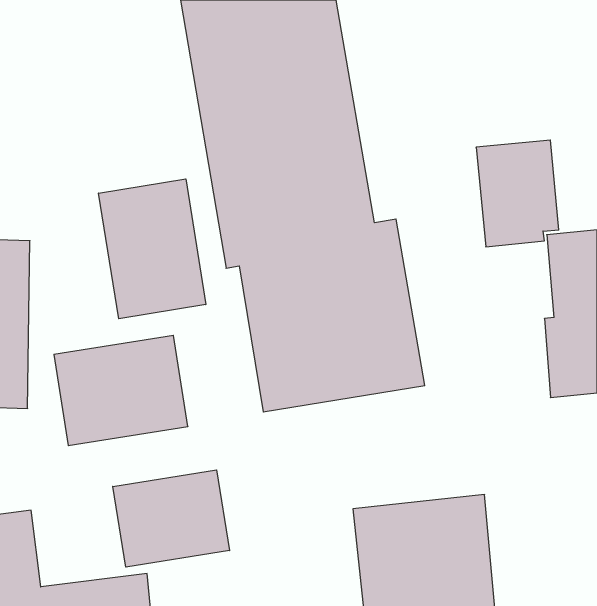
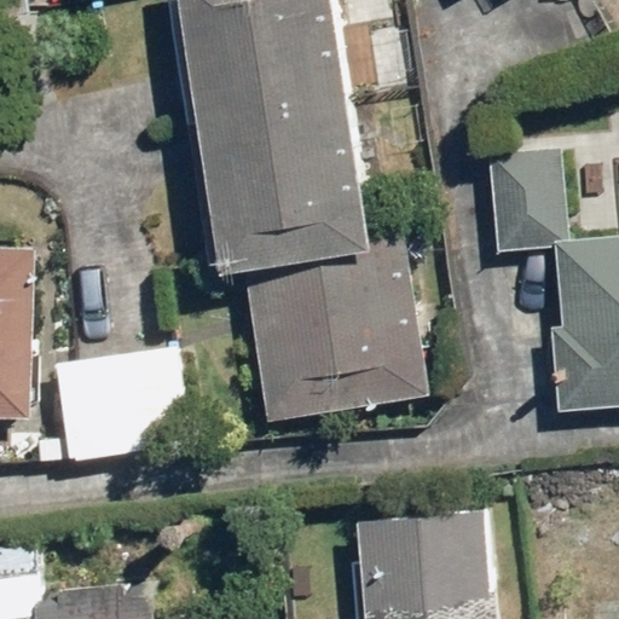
building: [99,179,206,319] -> none
building: [113,470,230,567] -> none

